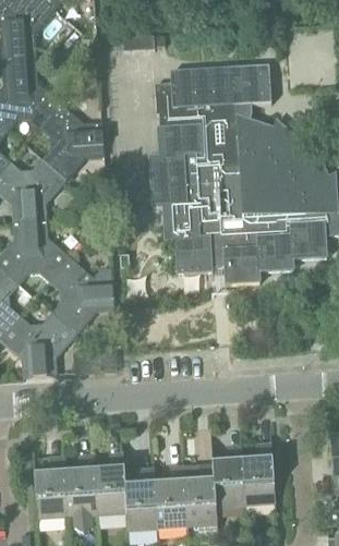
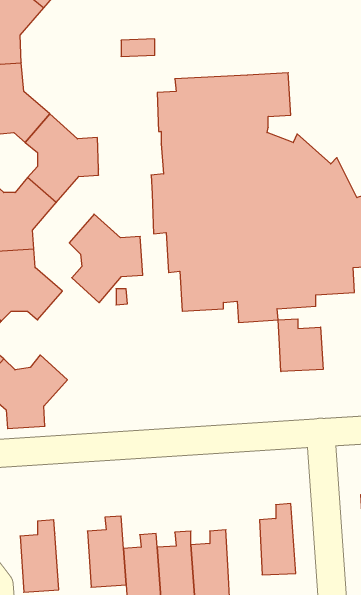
building: [49,257,113,335] -> [69,214,143,303]
building: none -> [278,319,323,372]
building: [213,445,245,507] -> none
building: [64,456,96,518] -> none

